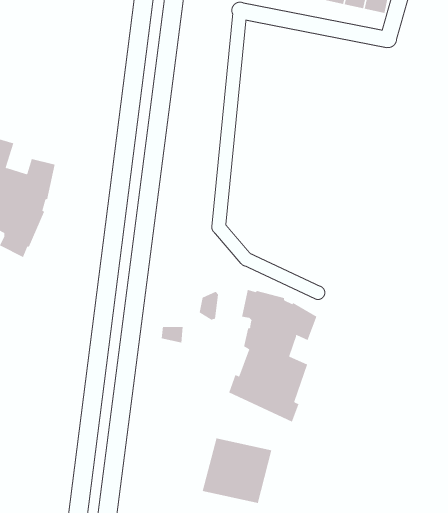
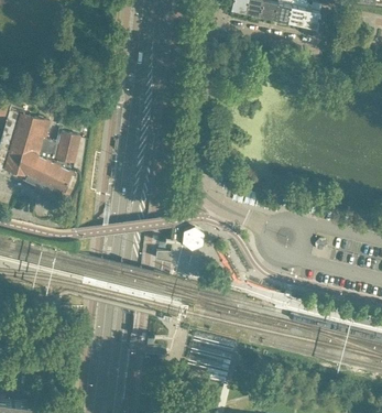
building: [228,289,317,422] -> none

